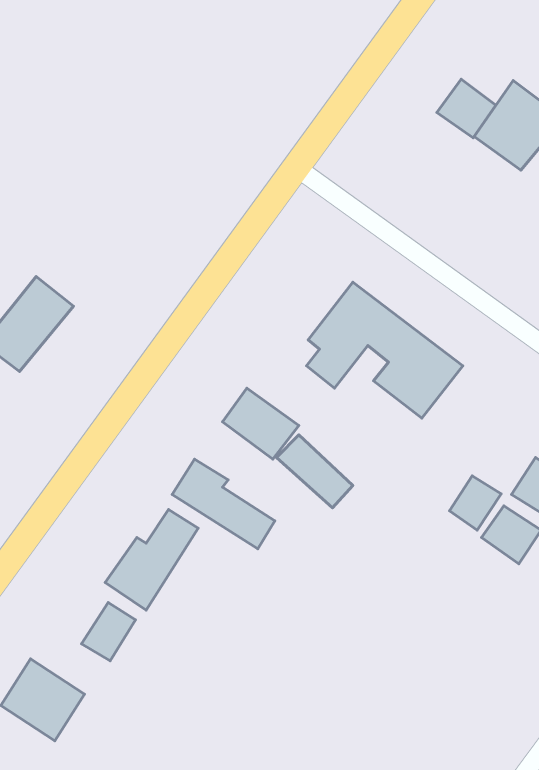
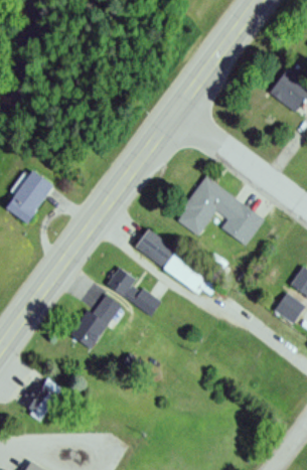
building: [437,79,496,138] -> none
building: [450,476,501,530] -> none
building: [82,602,136,661] -> none

